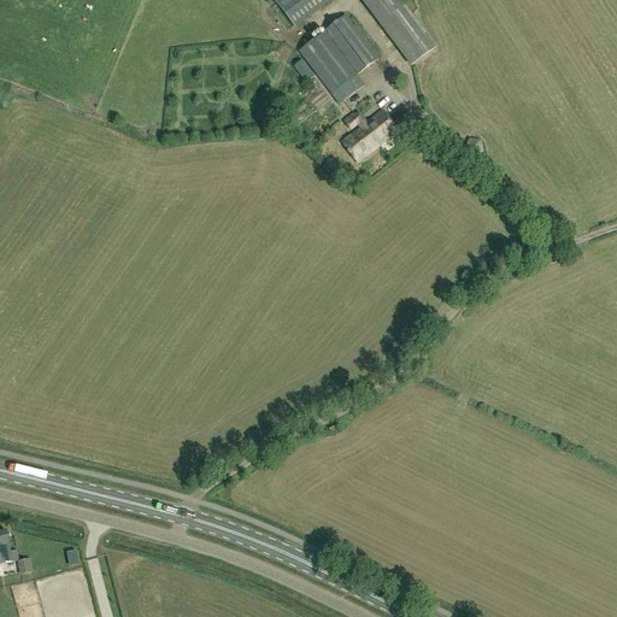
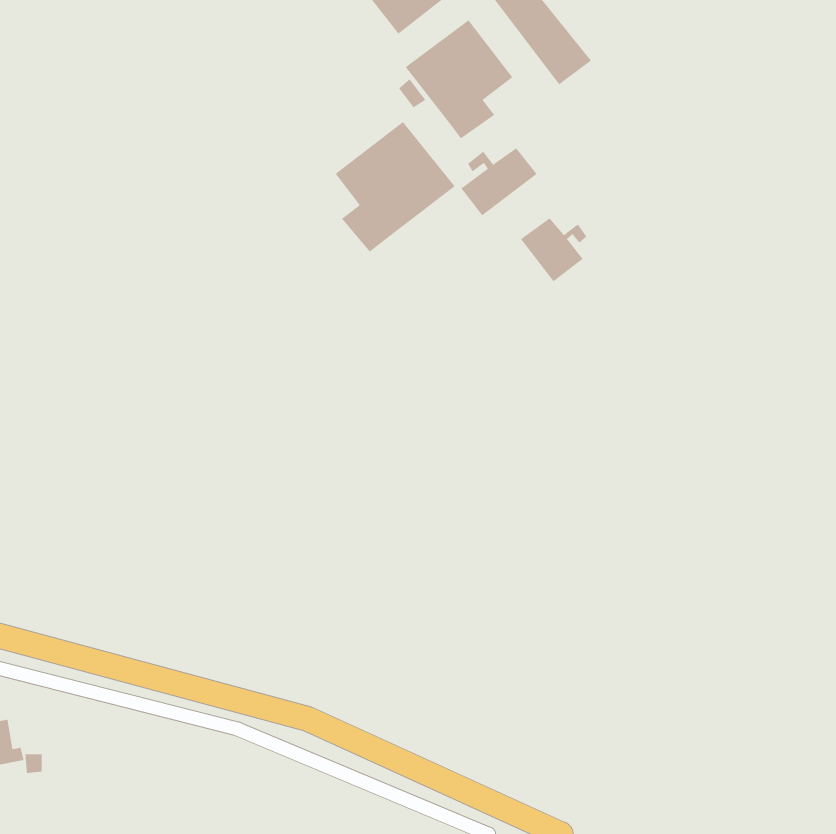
building: none -> [335,121,456,253]
building: none -> [520,217,587,282]

